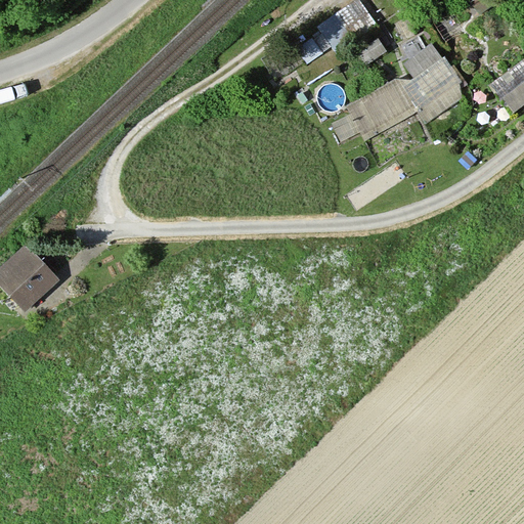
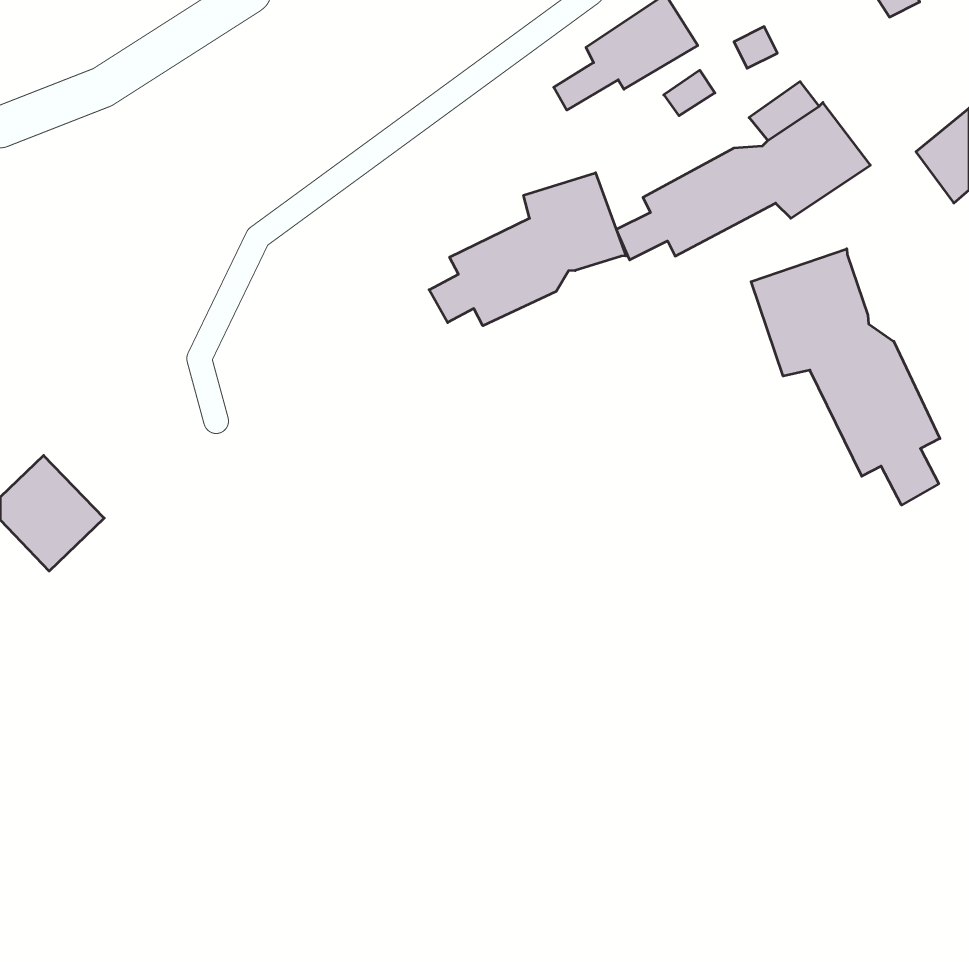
building: none -> [429,173,626,326]
building: none -> [751,249,940,505]

